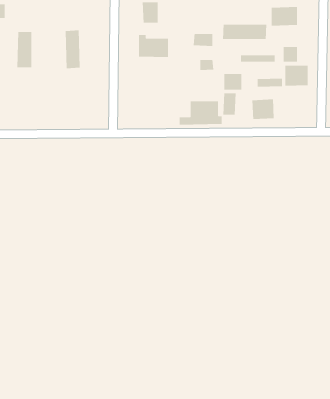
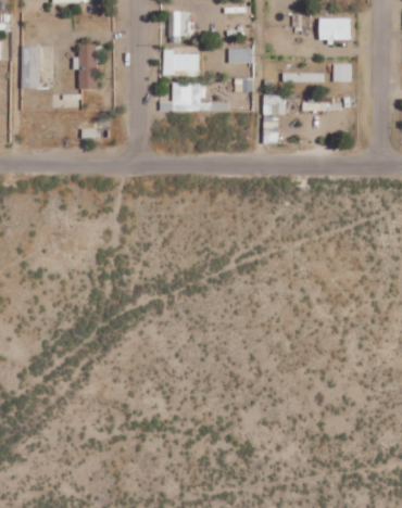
building: [222,24,267,40] -> none
building: [285,65,308,86] -> none
building: [252,99,274,120] -> none
building: [179,101,222,125] -> [159,82,210,111]

